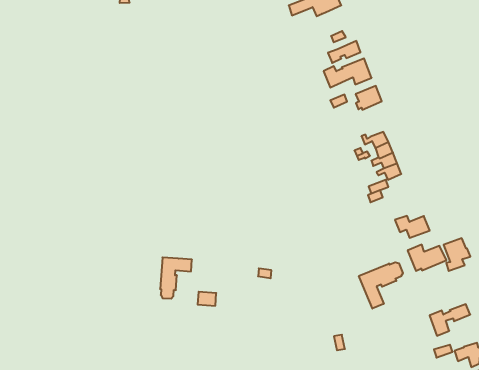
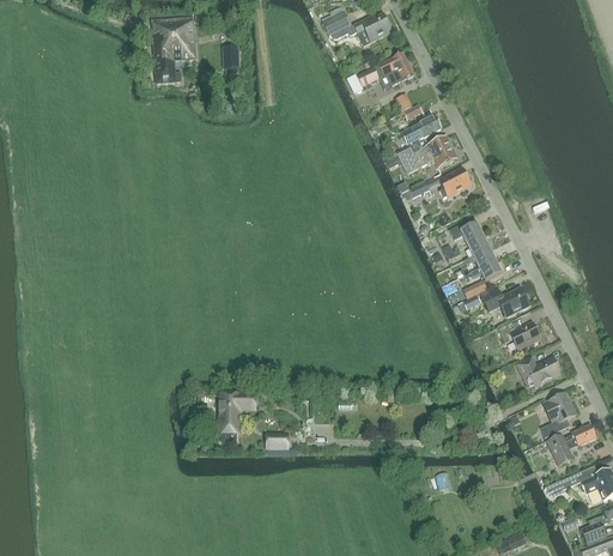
building: none -> [481,286,529,319]
building: [444,238,470,271] -> [542,393,576,434]
building: [359,262,403,309] -> none

